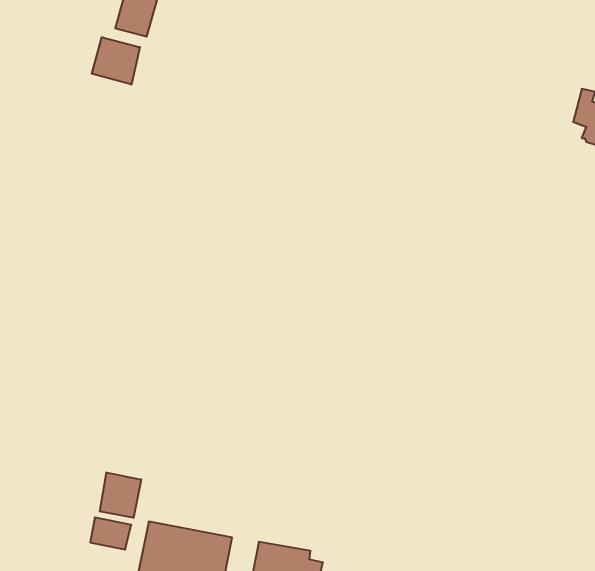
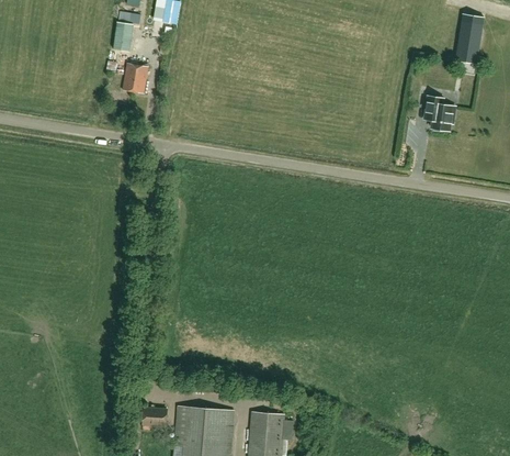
building: [92,37,140,85] -> none
building: [100,472,141,518] -> none

